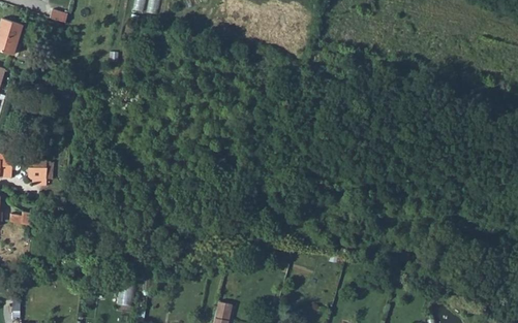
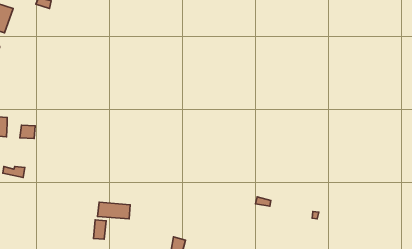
building: none -> [98,202,130,219]

